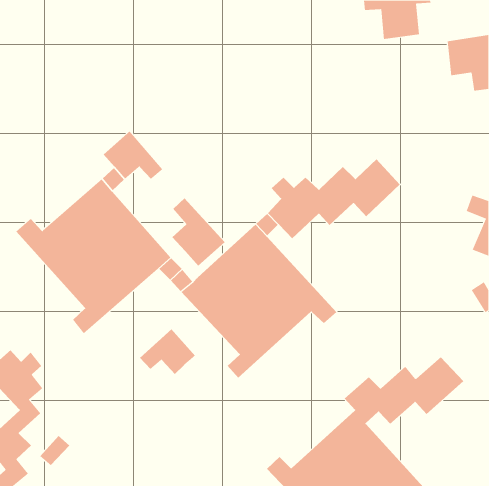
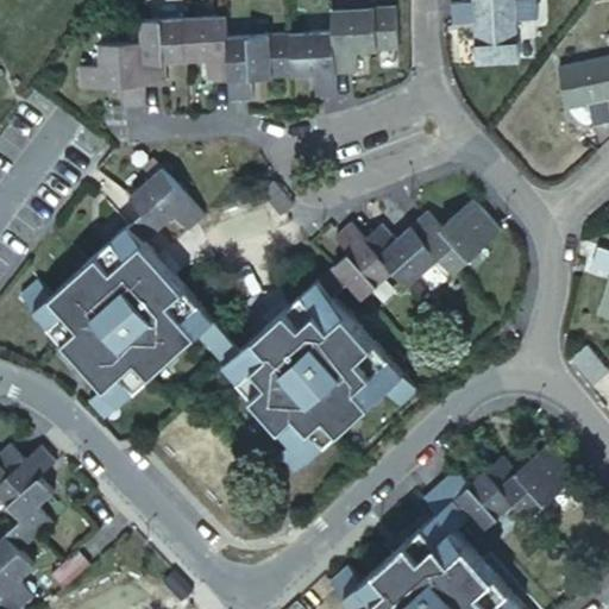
building: none -> [81,11,393,108]
building: [172,198,225,267] -> none
building: [139,328,196,375] -> none

